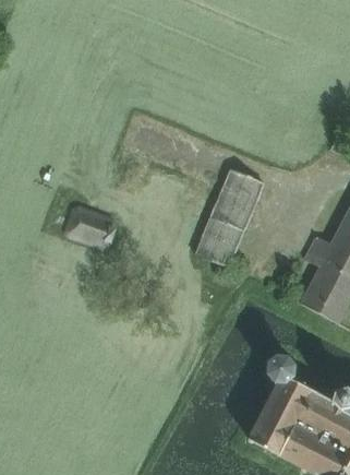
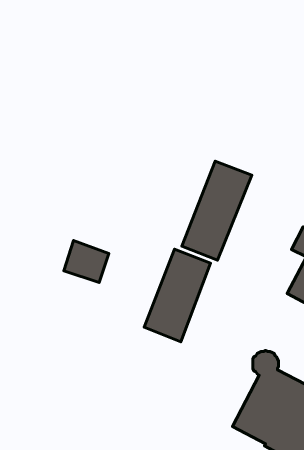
building: [68,204,113,247] -> [64,241,109,283]
building: none -> [144,249,211,342]

